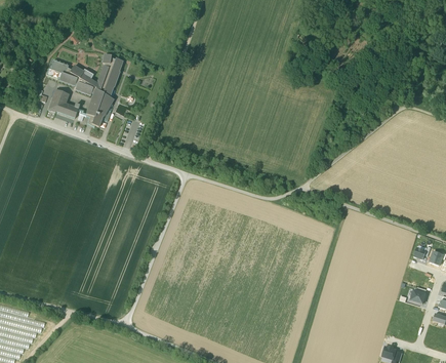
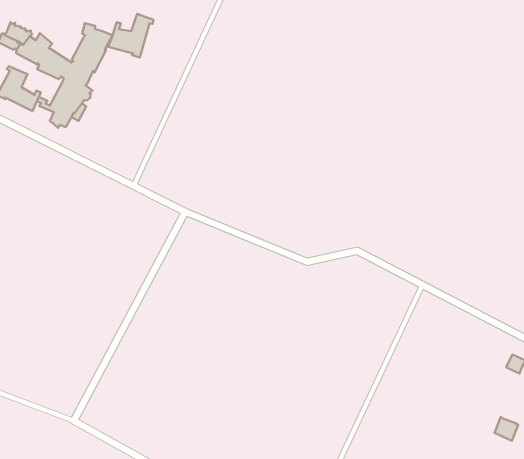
building: none -> [108,14,153,57]

